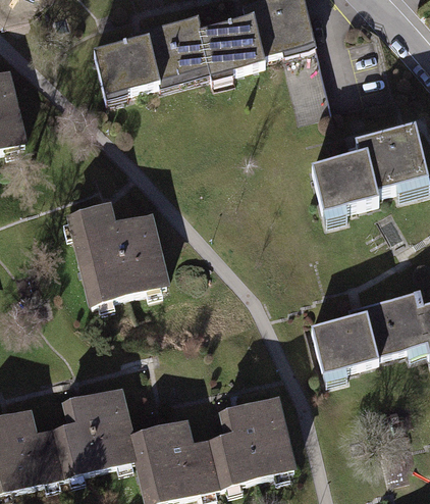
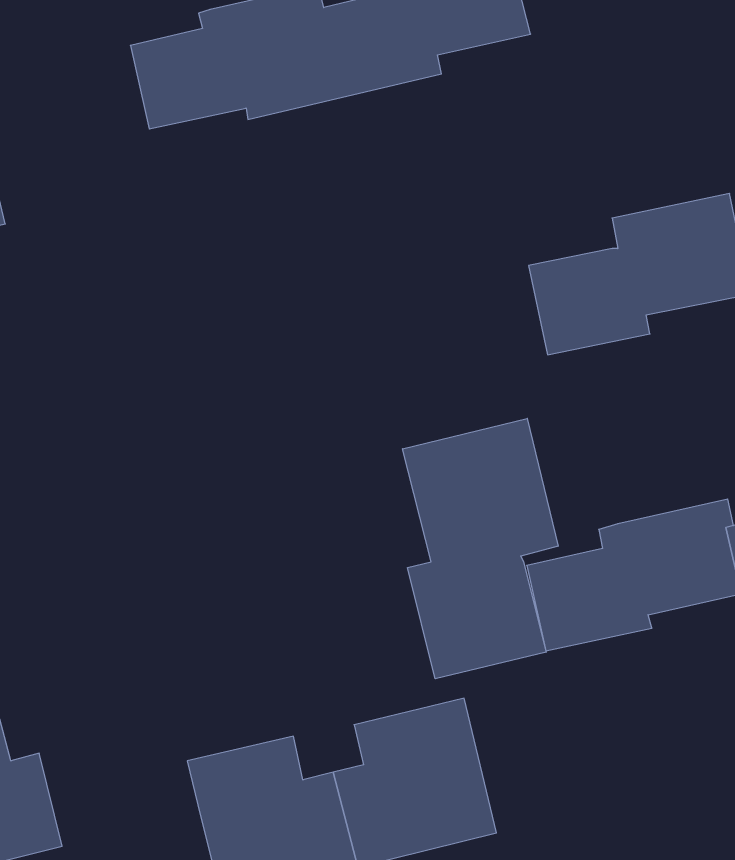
building: [63,204,167,306] -> none
building: none -> [403,418,558,679]
building: [49,387,136,477] -> none

